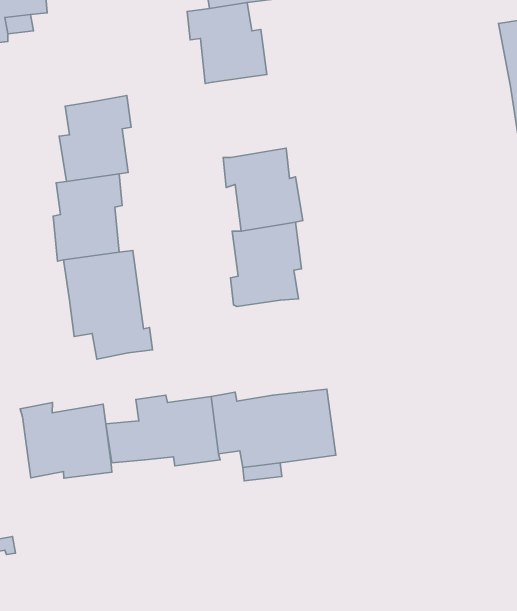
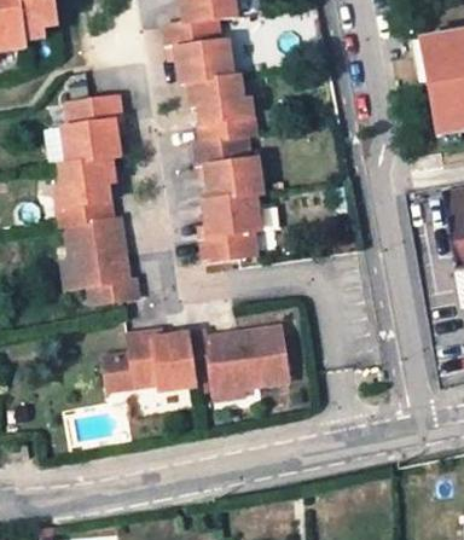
building: none -> [187,75,253,143]
building: [20,402,112,478] -> none

